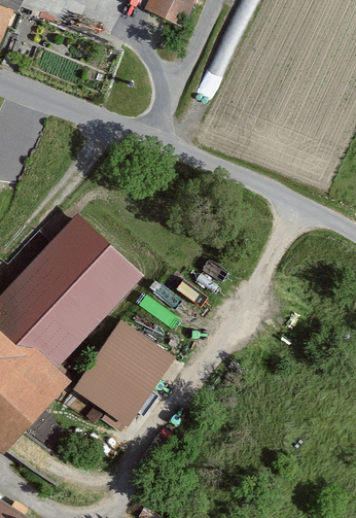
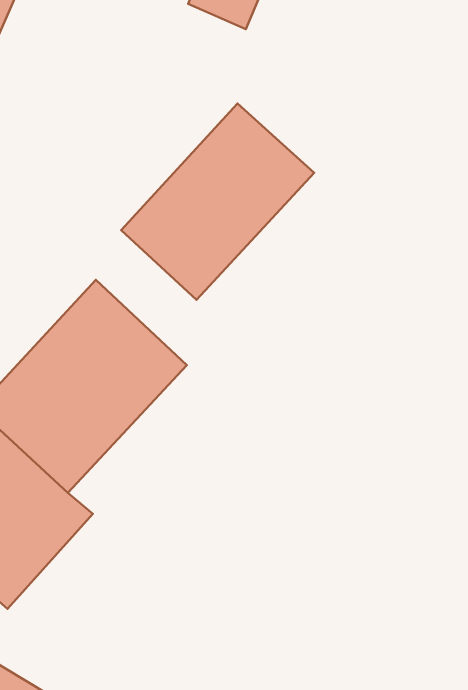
building: none -> [121,103,314,300]
building: [73,321,174,427] -> none

